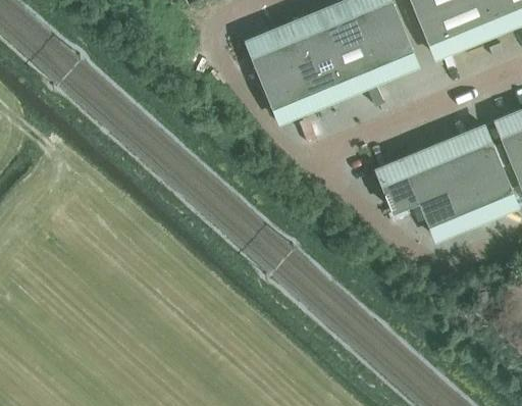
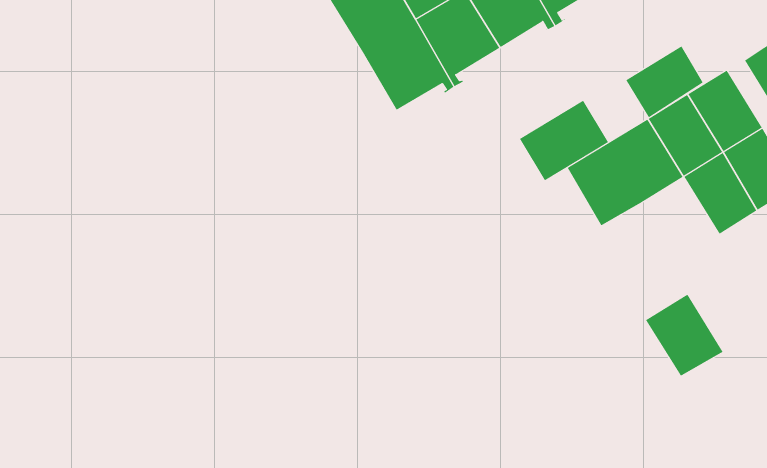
building: none -> [625,45,704,118]
building: none -> [519,100,609,181]
building: [418,186,463,236] -> [645,294,724,377]

